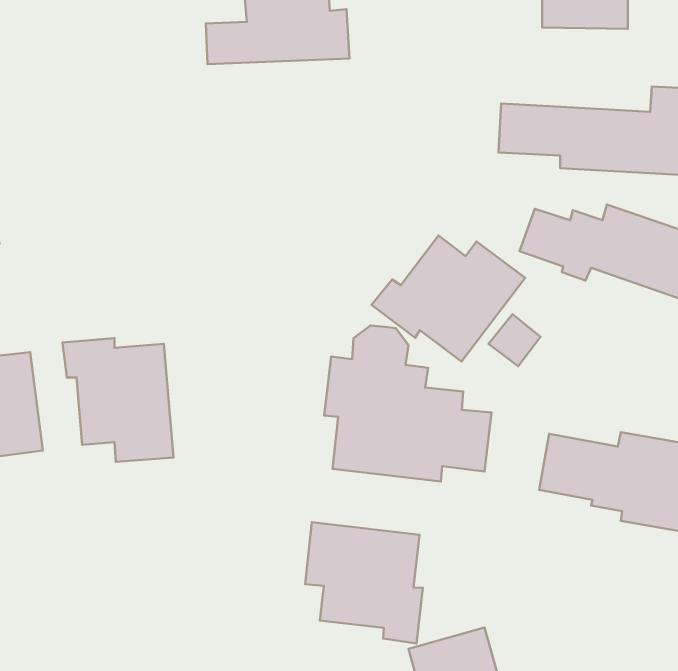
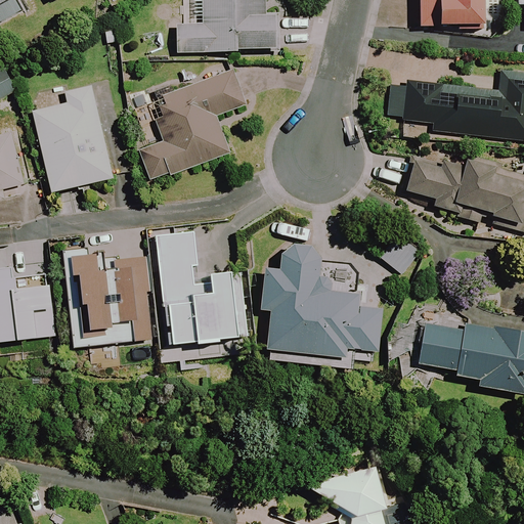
building: none -> [139,68,246,179]
building: none -> [32,85,112,191]
building: [371,235,525,361] -> none
building: none -> [152,230,249,348]
building: [305,522,423,644] -> none

